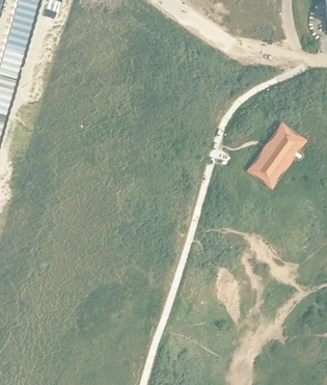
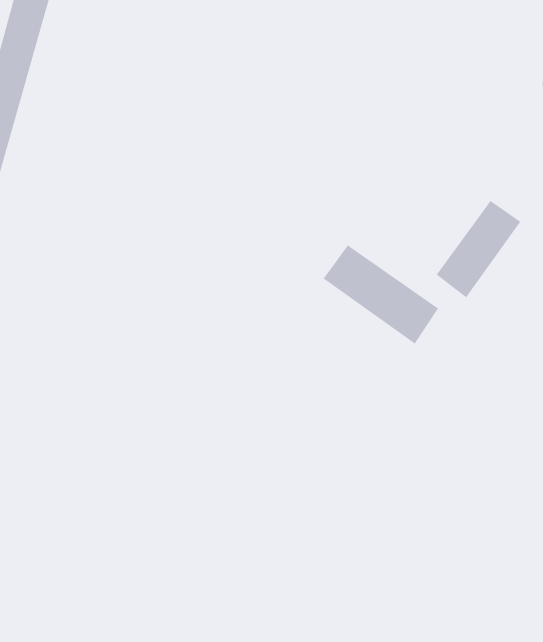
building: none -> [323,245,439,345]

